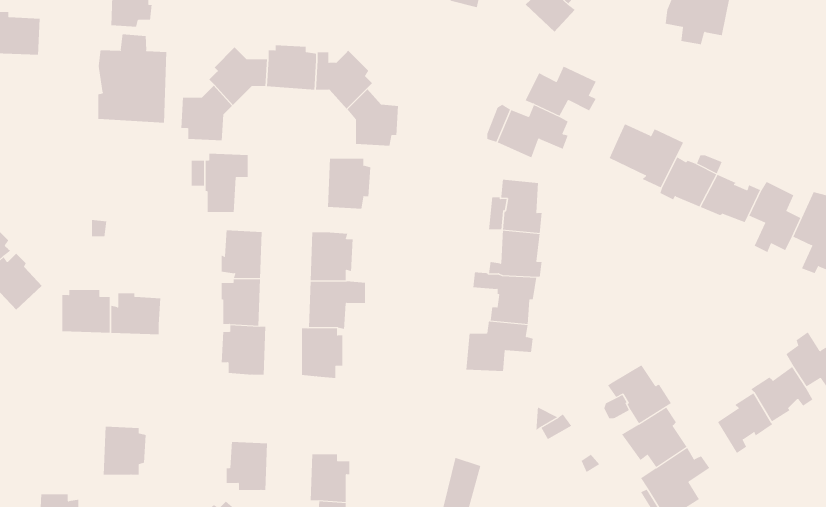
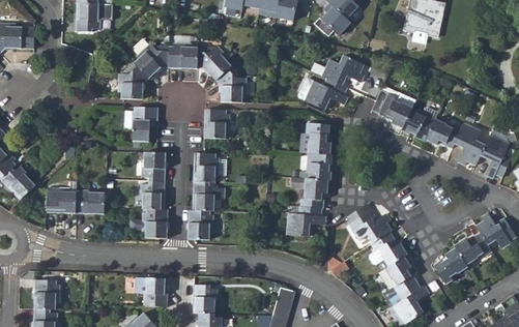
building: [98,34,167,124] -> none
building: none -> [349,204,401,242]
building: [103,426,147,475] -> [34,279,60,308]

